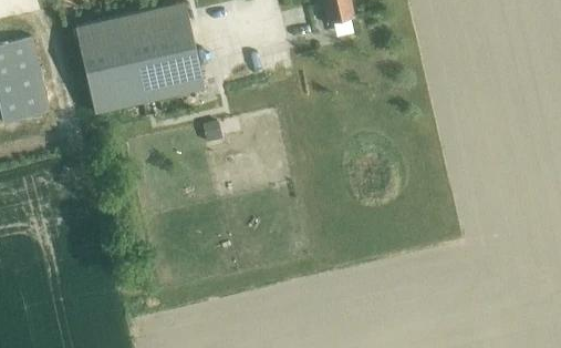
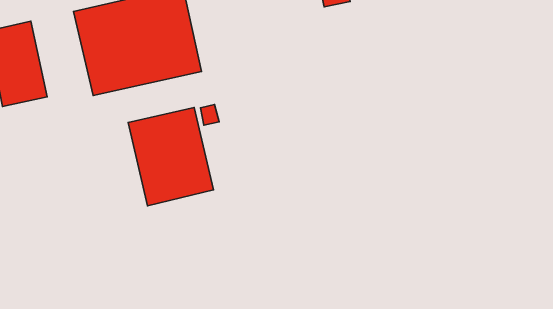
building: none -> [128,107,214,206]

